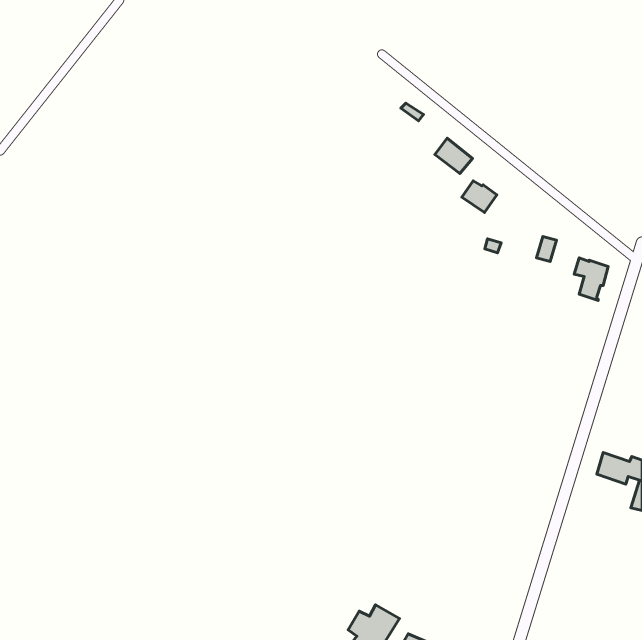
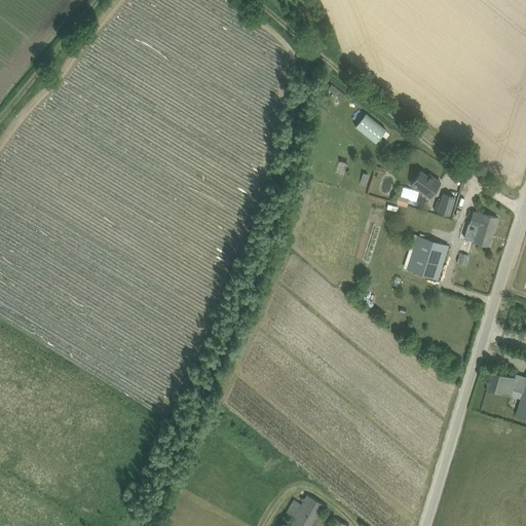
building: [462,181,497,212] -> [412,173,441,198]
building: none -> [407,237,449,280]

